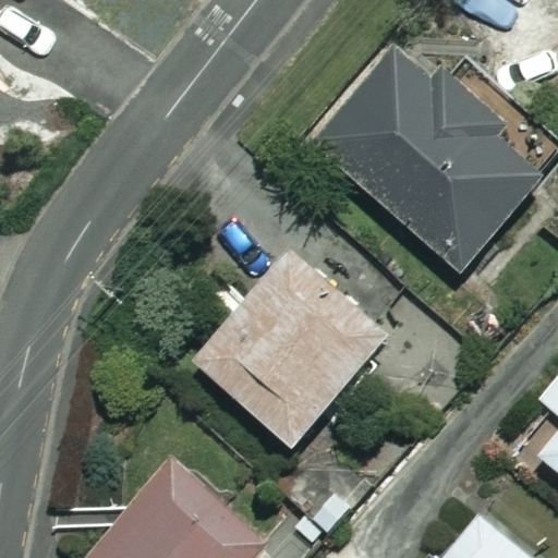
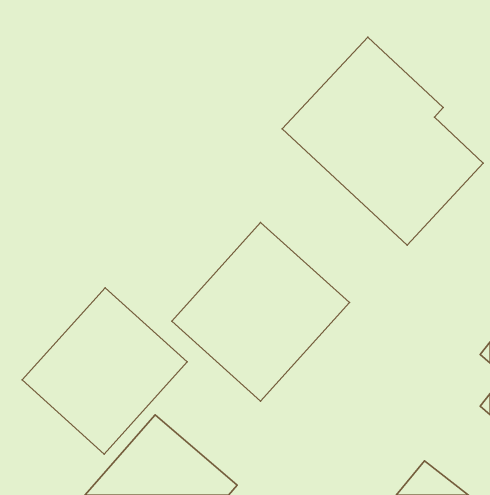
building: none -> [22,288,187,454]

